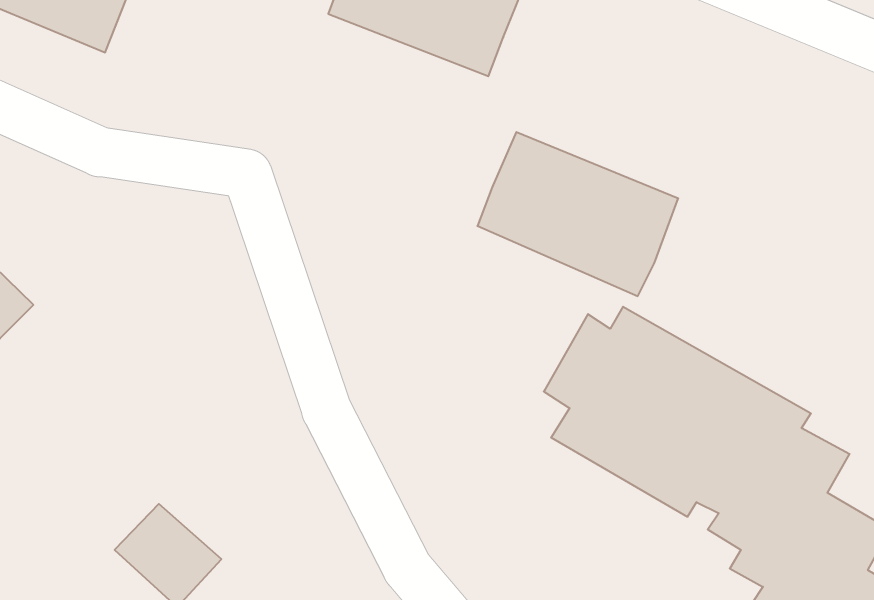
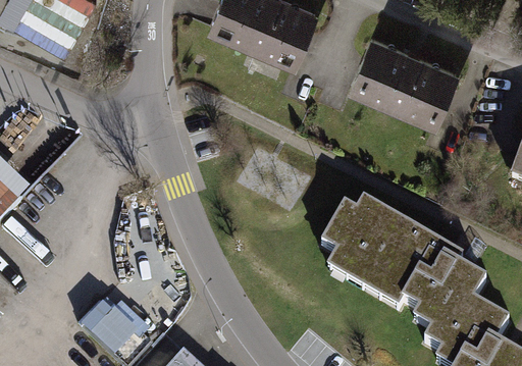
building: [477,132,678,296] -> [352,37,463,127]

